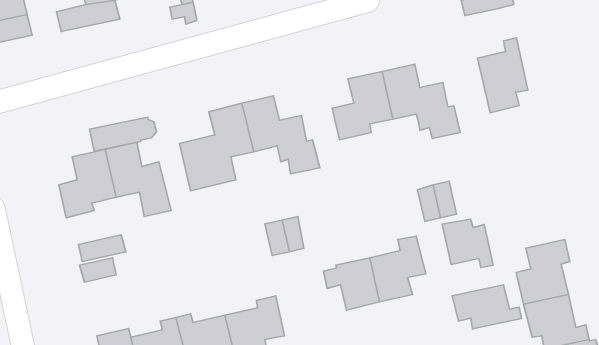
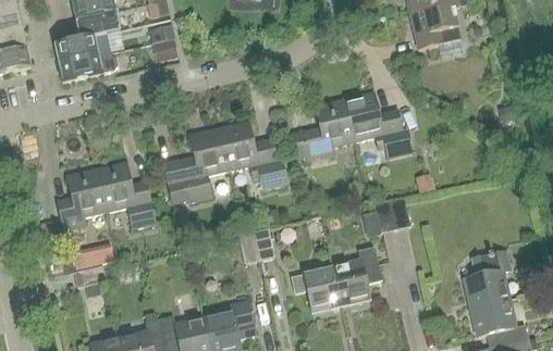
building: [478,38,528,113] -> none
building: [89,117,156,151] -> [57,52,116,83]
building: [442,219,493,267] -> none
building: [452,285,522,329] -> none

